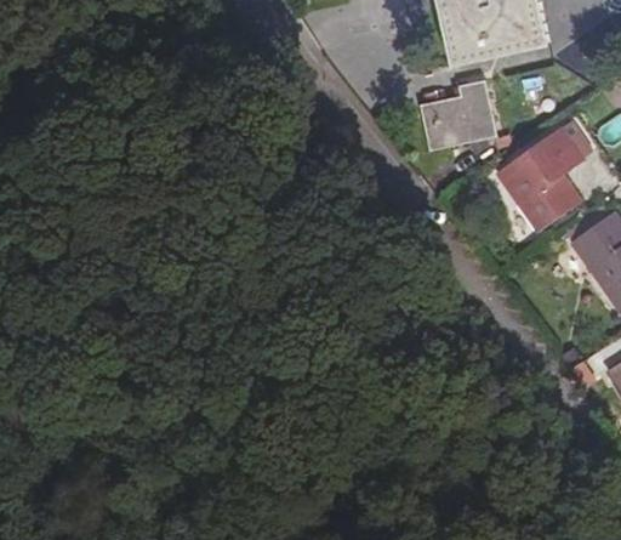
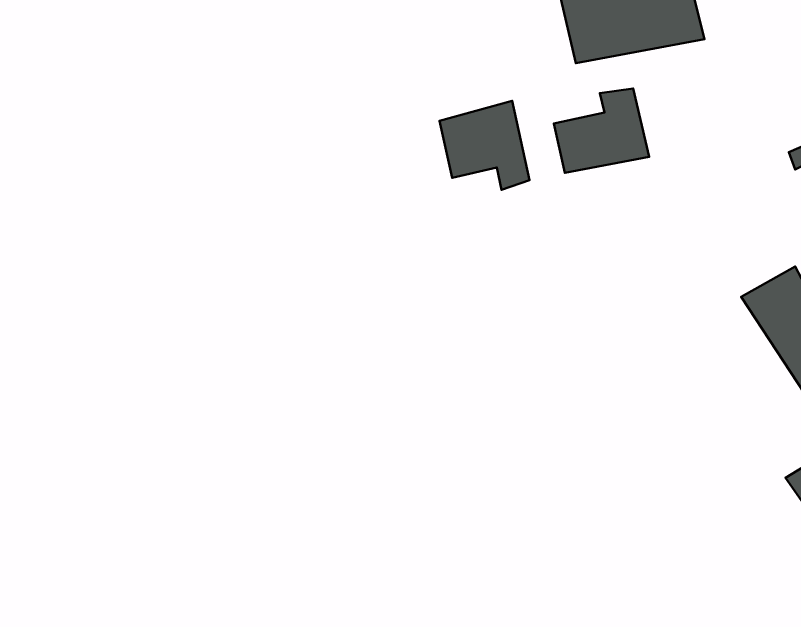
building: none -> [439,101,529,190]
building: [501,129,583,226] -> none

